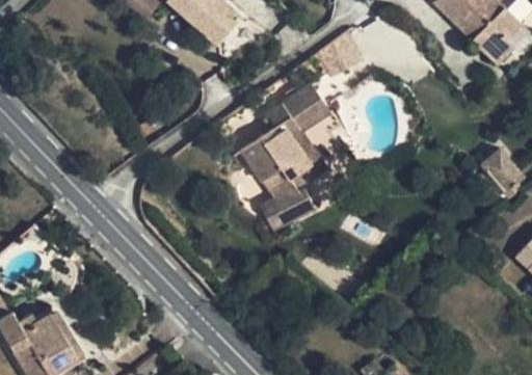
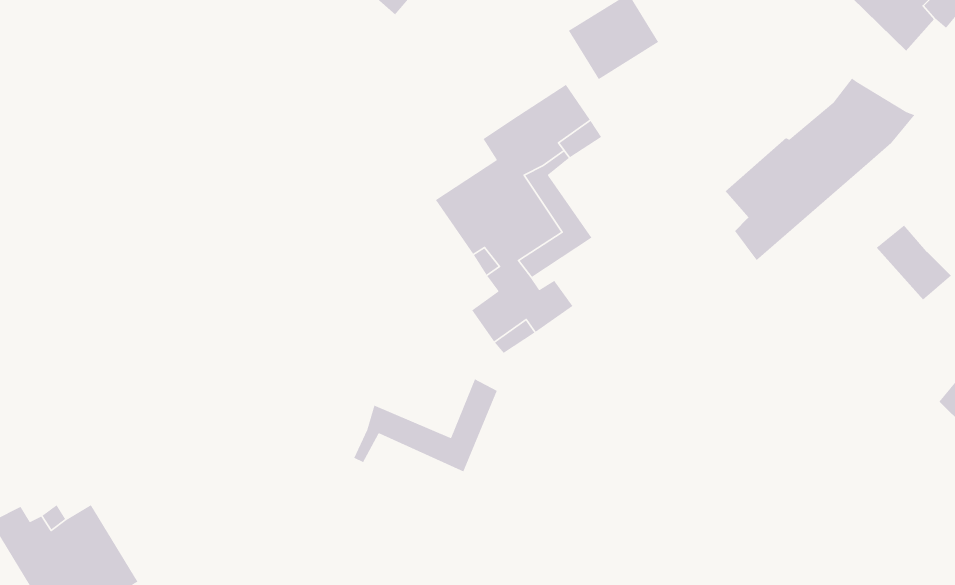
building: none -> [725,78,915,261]
building: none -> [353,378,498,473]

